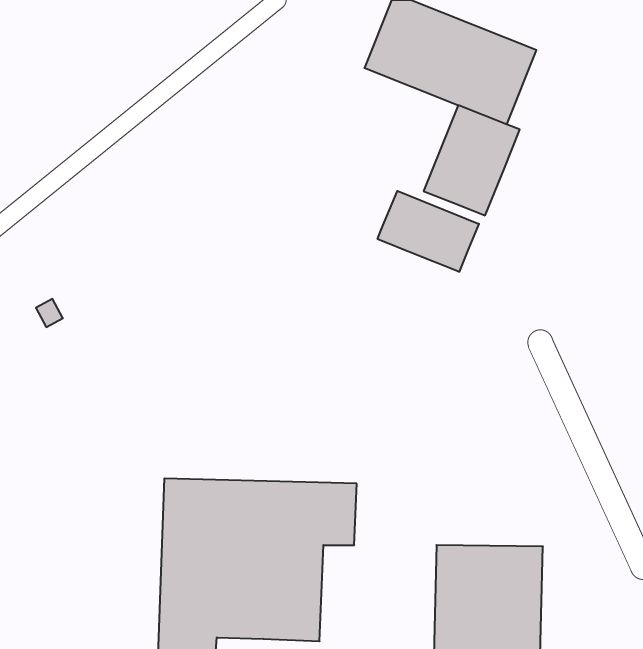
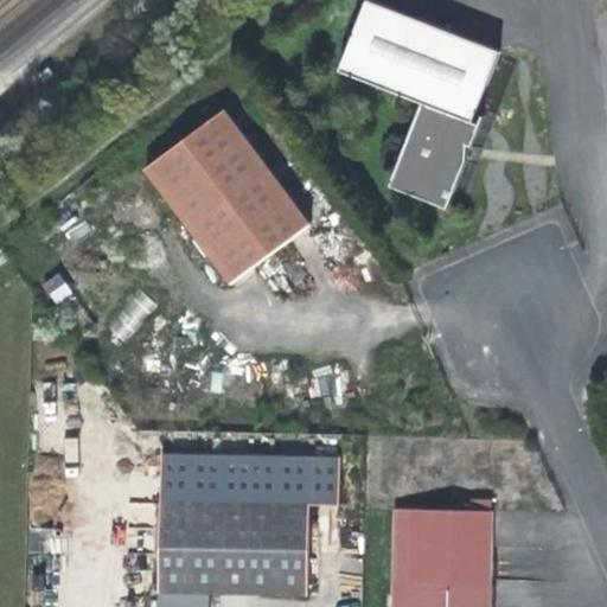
building: none -> [145,111,307,282]
building: [378,191,479,272] -> none

